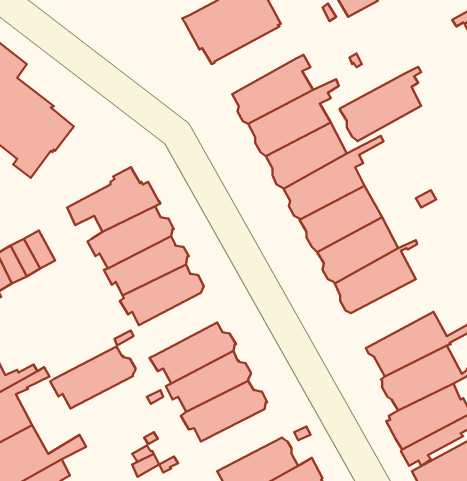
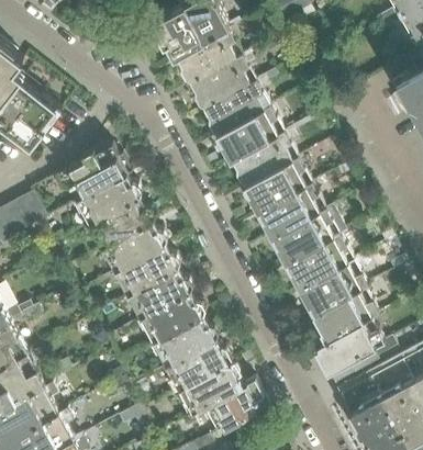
building: [340,67,421,141] -> [176,30,242,90]
building: none -> [287,240,354,296]
building: [50,346,135,409] -> [111,251,180,302]
building: none -> [165,346,232,396]

